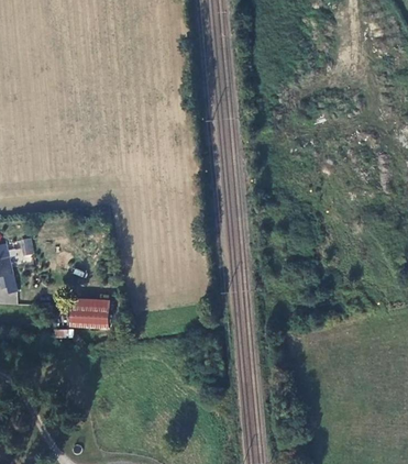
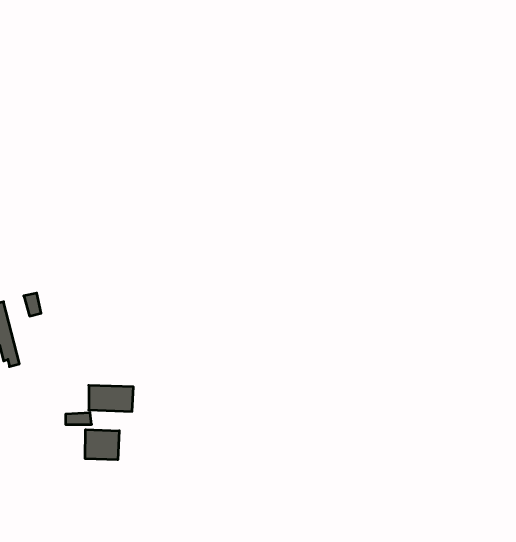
building: none -> [85,430,119,460]

